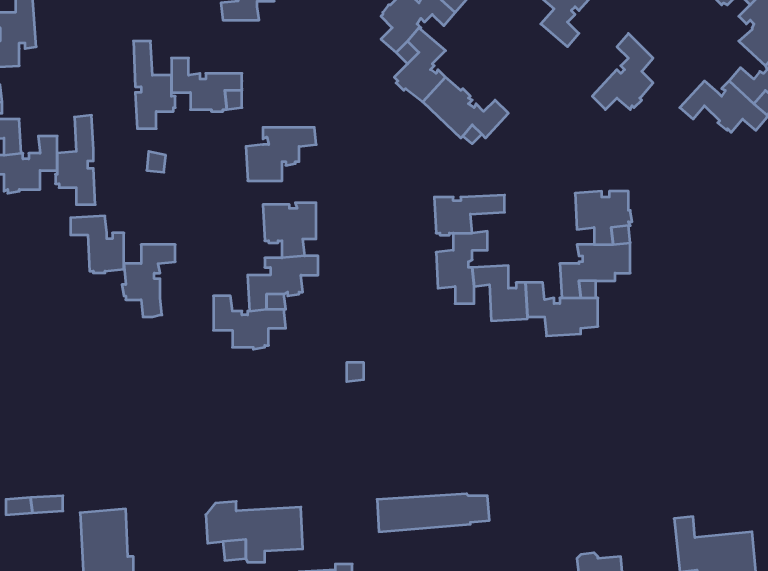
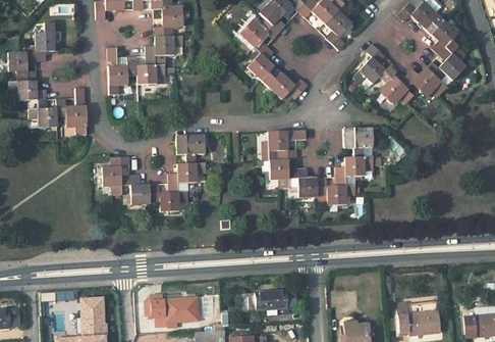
building: none -> [379,62,414,103]
building: [246,127,316,181] -> [146,36,183,64]
building: [71,216,124,273] -> [121,175,150,205]

